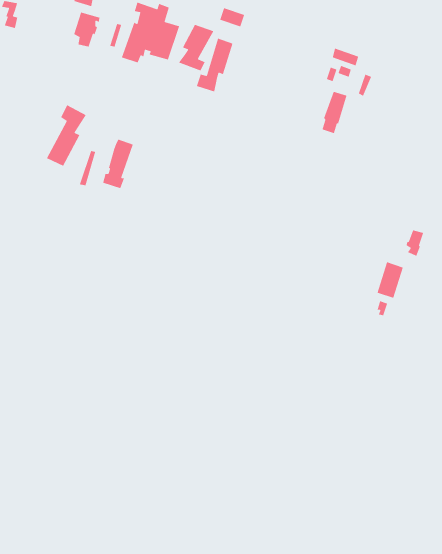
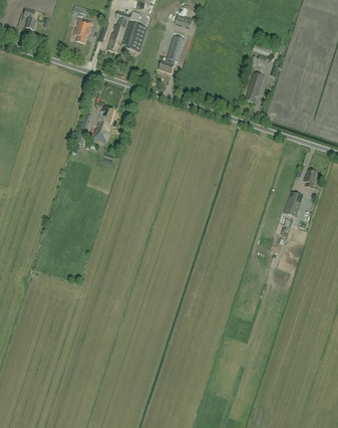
building: [178,24,214,72] -> none
building: [46,104,87,167] -> none

